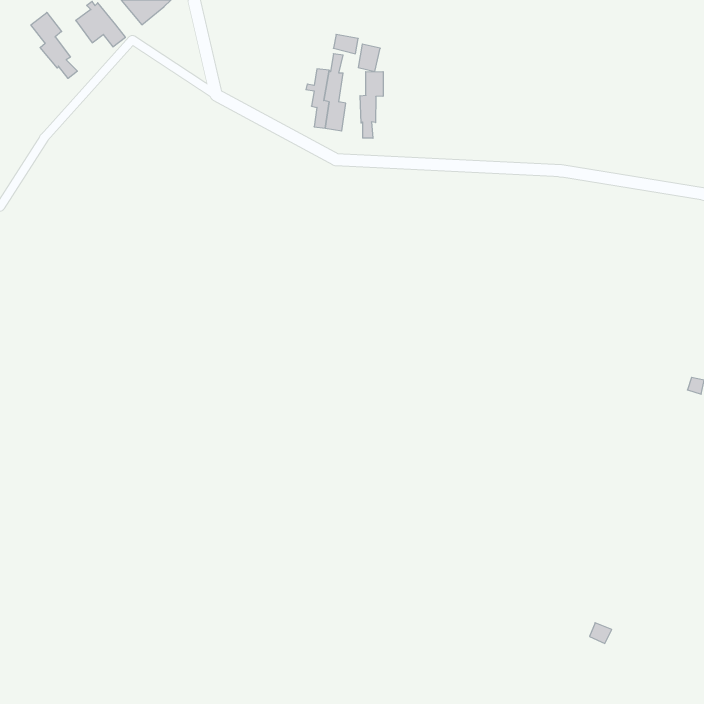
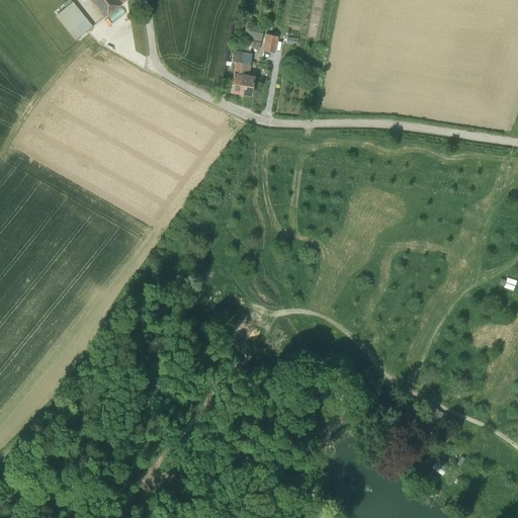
building: [31,12,77,78] -> none
building: [360,72,383,138] -> none

